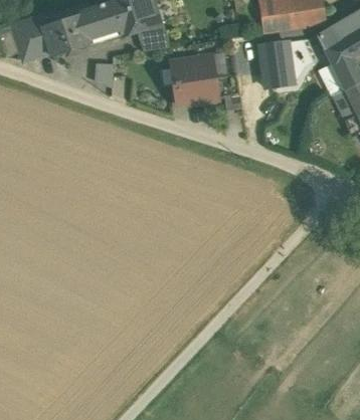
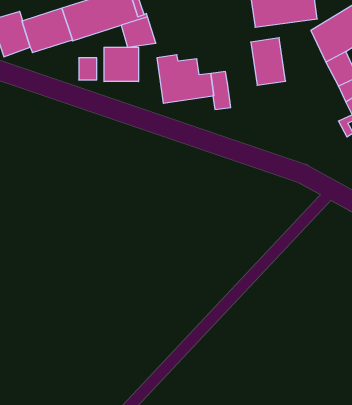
building: none -> [104,47,139,82]

